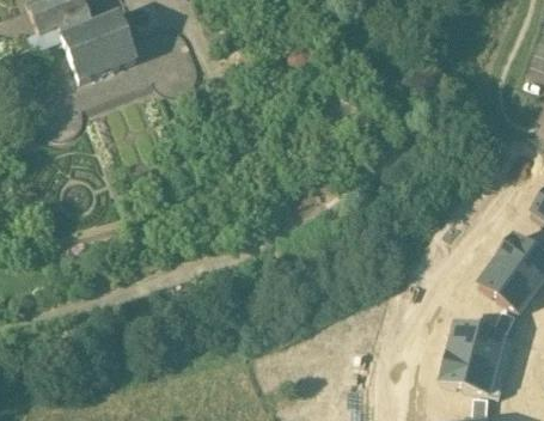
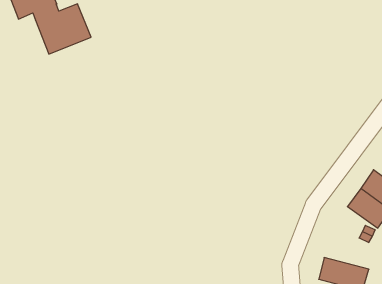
building: [447,319,514,365] -> none

